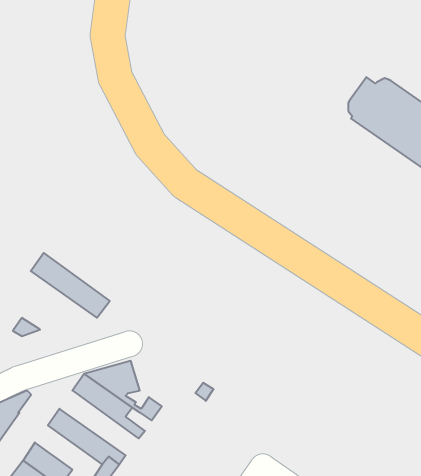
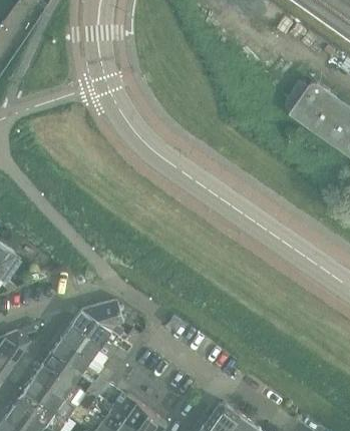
building: [31,253,110,318] -> [61,325,122,375]
building: none -> [42,352,80,386]

